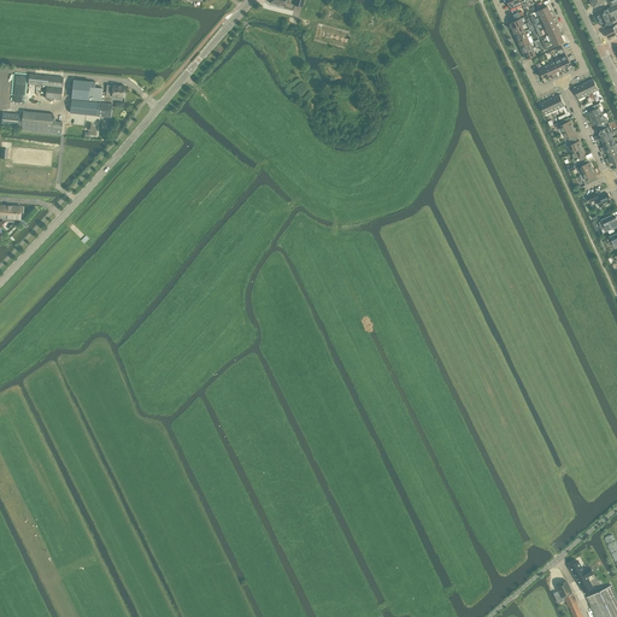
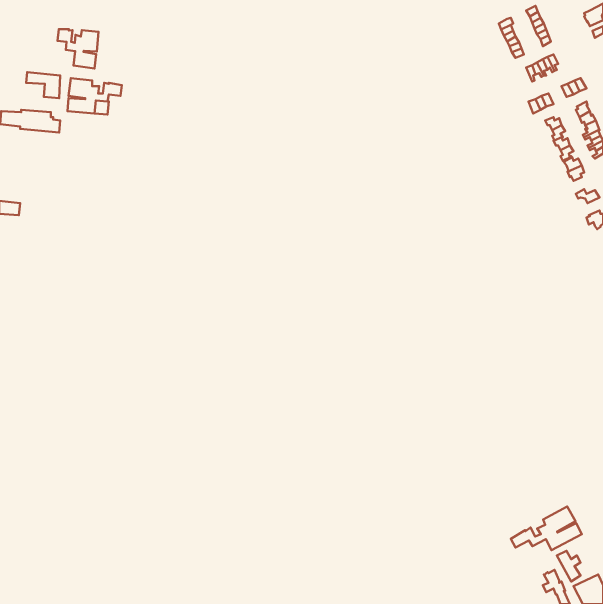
building: none -> [57,29,99,68]
building: none -> [511,507,582,550]

